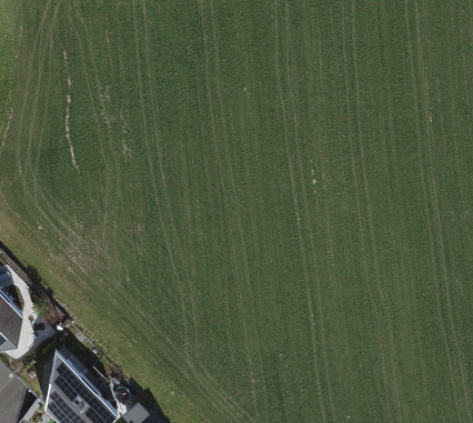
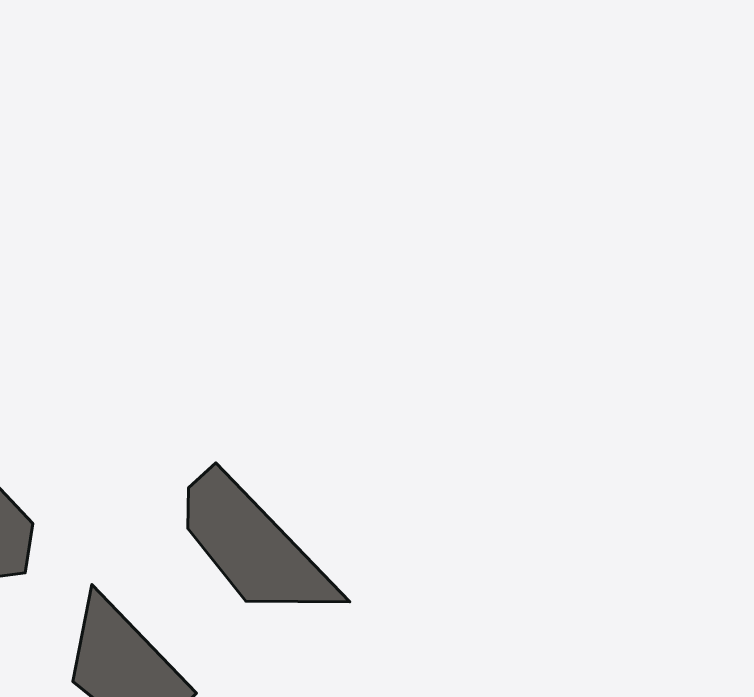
building: none -> [188,463,350,602]

